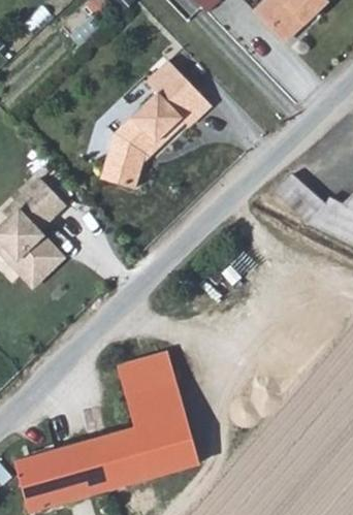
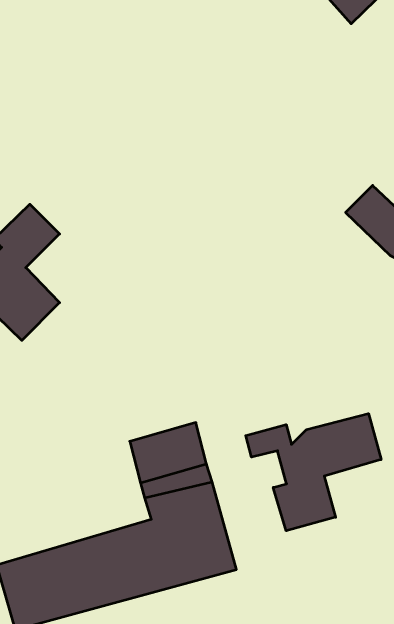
building: [104,63,208,193] -> none
building: none -> [246,414,381,531]

